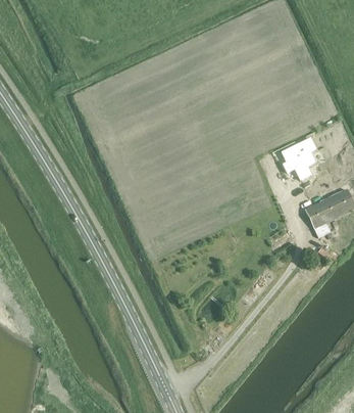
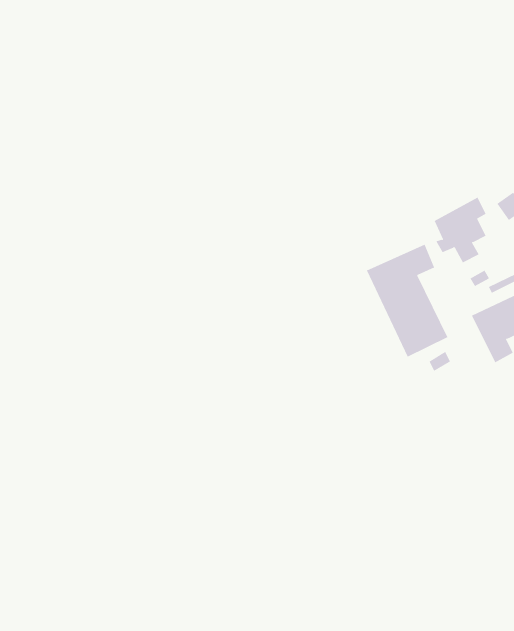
building: none -> [366,244,448,358]

